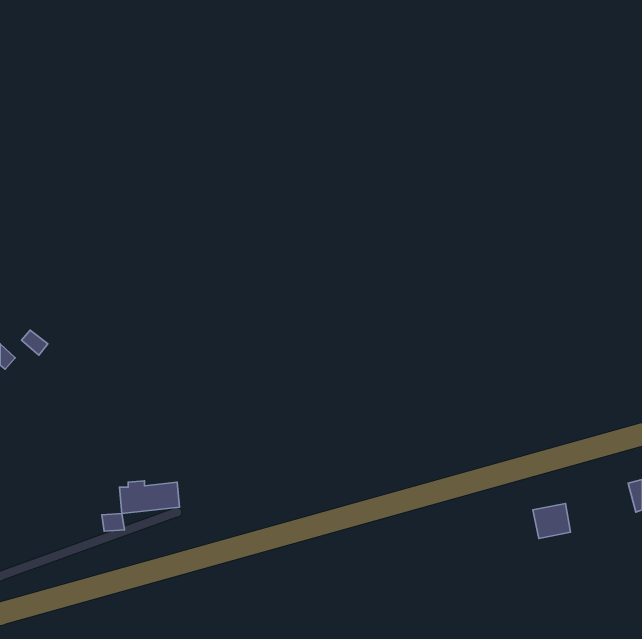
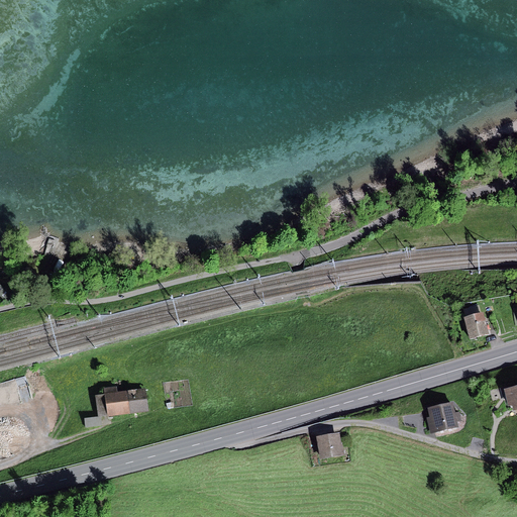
building: none -> [466,311,490,339]
building: none -> [317,430,342,461]

